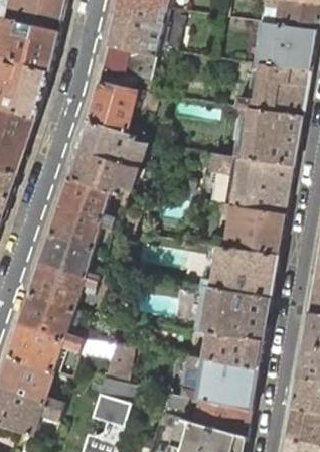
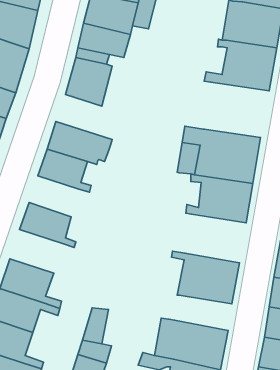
building: [233,107,302,165] -> none
building: [77,120,145,167] -> none
building: [49,205,113,249] -> none
building: [200,246,278,297] -> none
building: [29,262,97,308] -> none
building: [202,331,263,368] -> none

